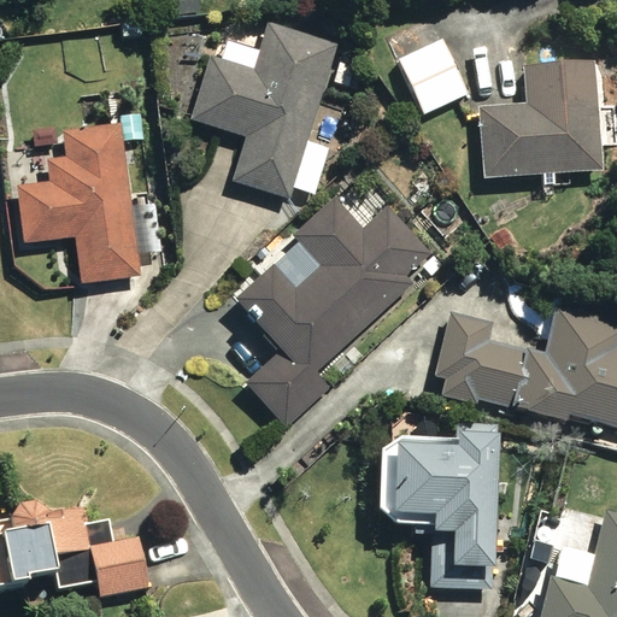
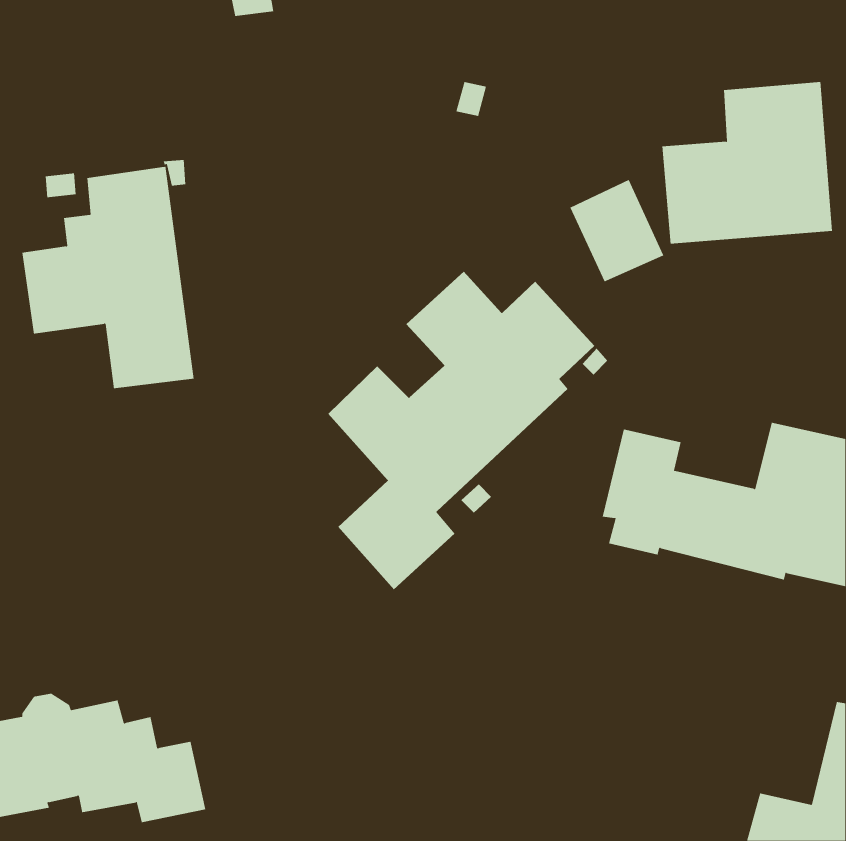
building: [192,20,336,198] -> none
building: [399,37,468,112] -> [569,179,664,282]
building: [393,422,498,588] -> none

